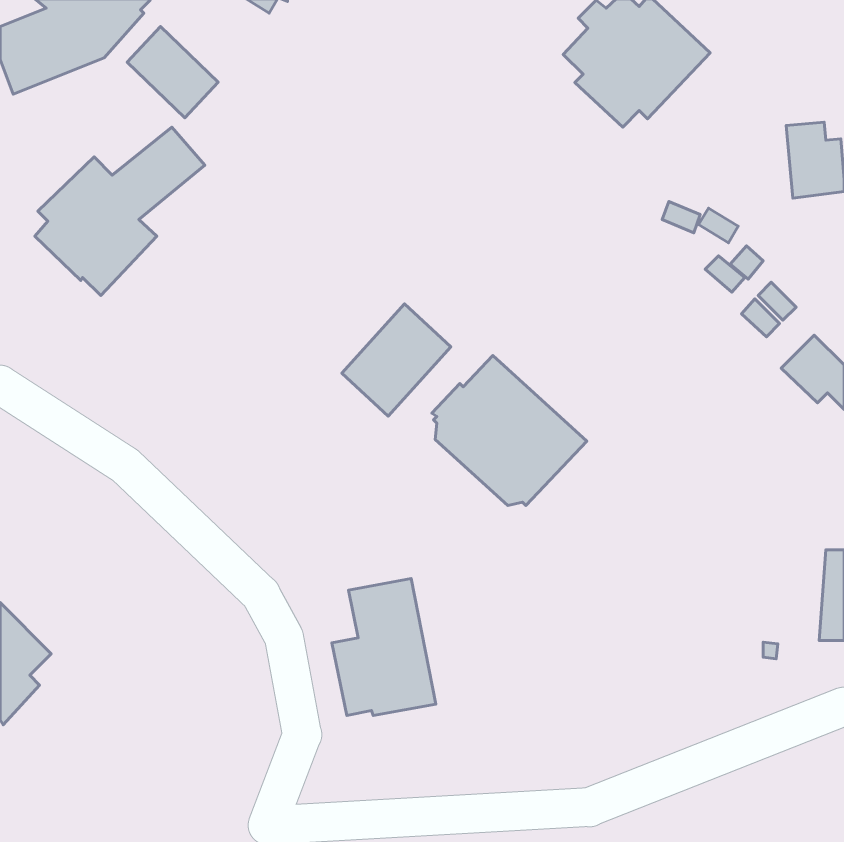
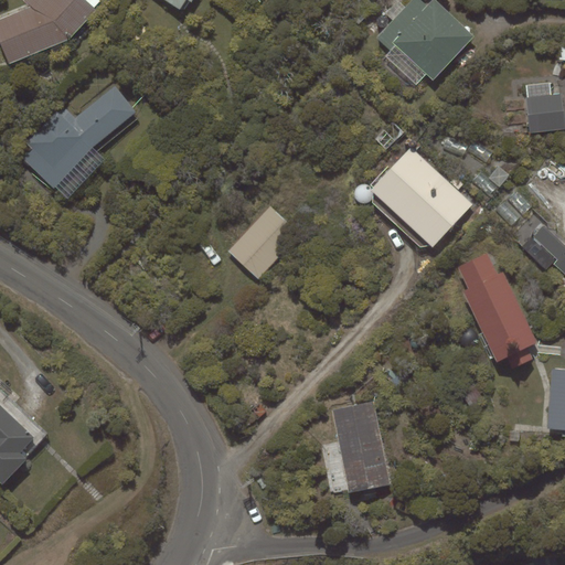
building: [127,27,218,118] -> none
building: [432,355,587,506] -> [370,146,473,246]
building: none -> [458,252,537,367]
building: [332,579,436,716] -> [321,401,391,492]

